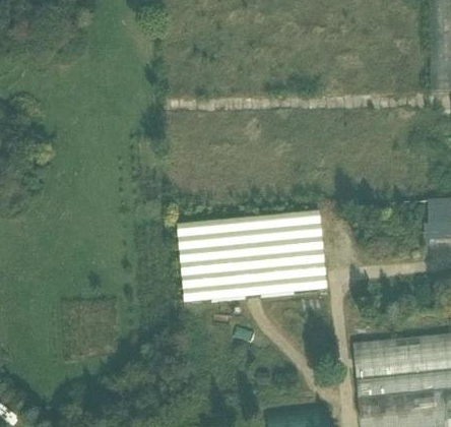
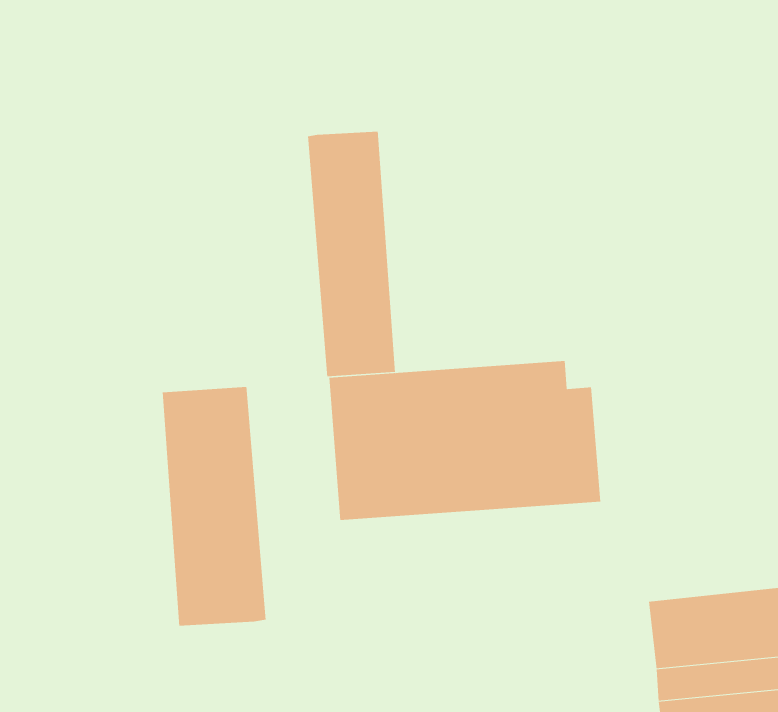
building: none -> [308,131,396,377]
building: none -> [162,386,266,626]

